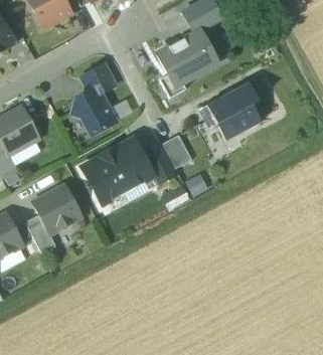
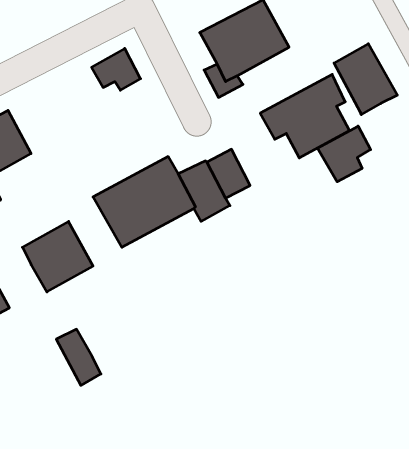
building: none -> [334,44,397,115]
building: [71,86,116,134] -> none
building: none -> [317,126,371,182]
building: [24,214,55,253] -> [56,329,101,385]

